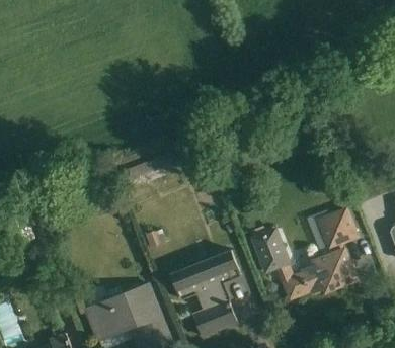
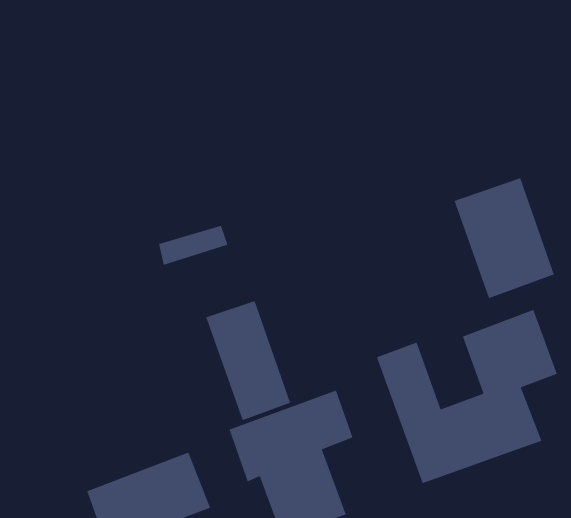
building: none -> [453,177,555,299]
building: none -> [205,300,291,421]

